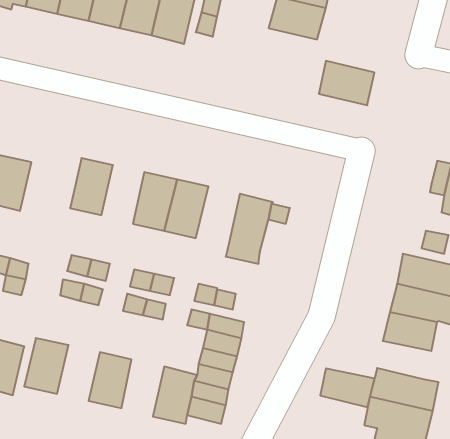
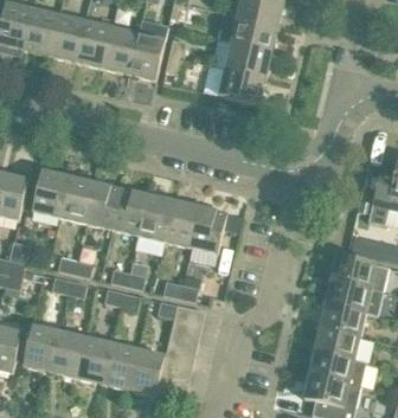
building: [319,61,374,105] -> [219,67,265,104]
building: none -> [32,168,70,217]
building: none -> [86,181,122,230]
building: none -> [165,199,201,247]
building: none -> [50,330,85,377]
building: none -> [103,342,139,390]
building: [320,368,375,407] -> [315,327,360,359]

